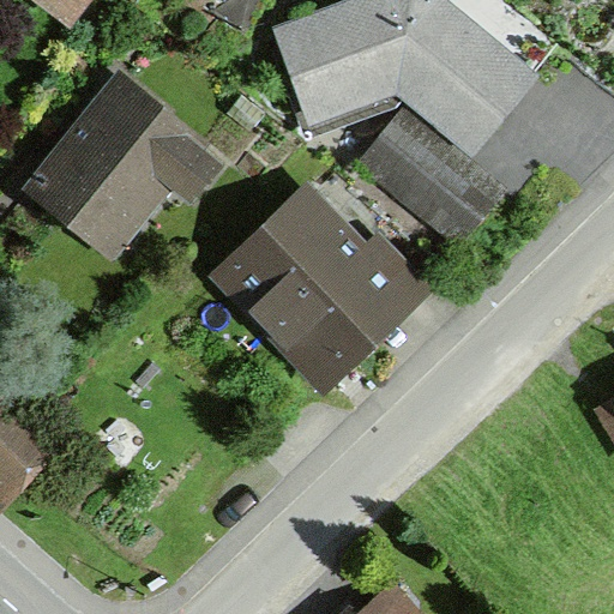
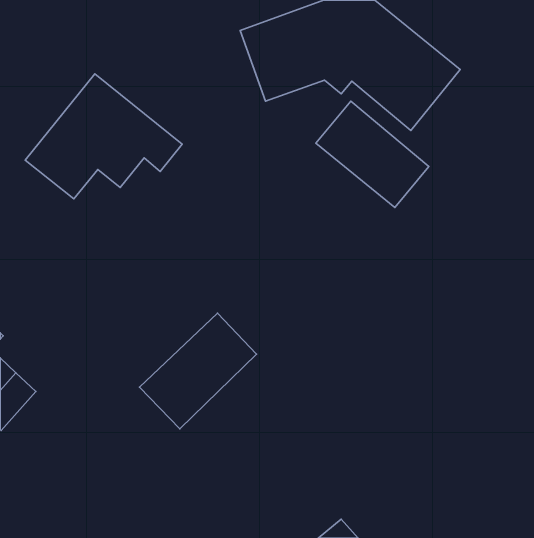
building: [221,194,410,378] -> none
building: none -> [139,313,256,429]

